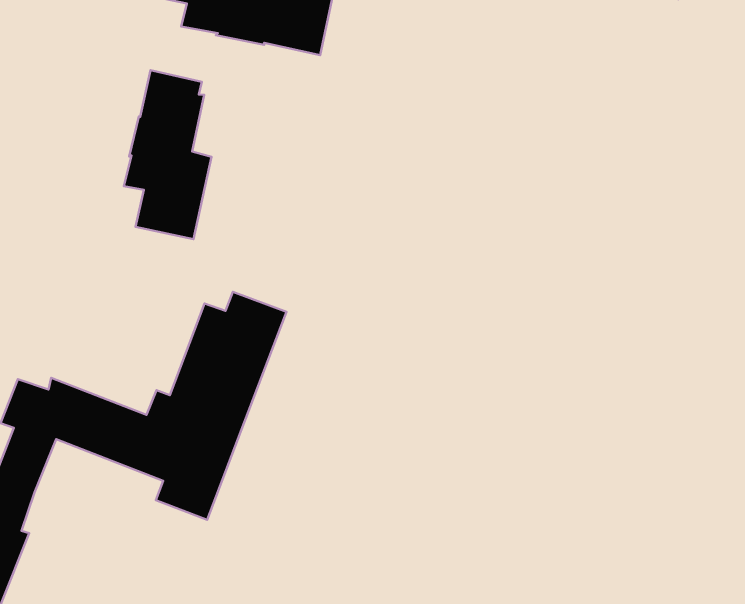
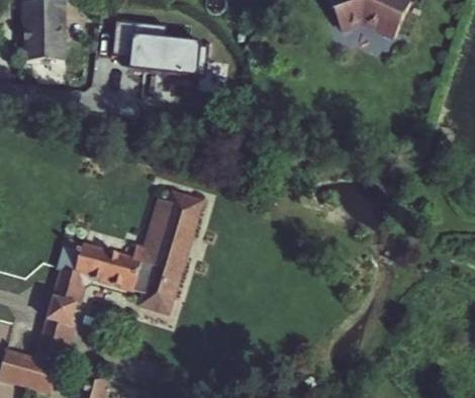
building: [124,70,212,239] -> none

